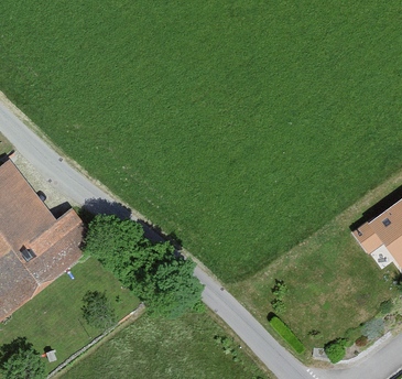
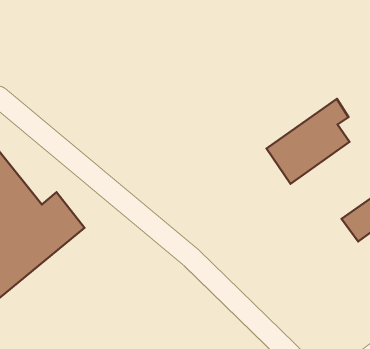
building: none -> [267,99,350,184]

